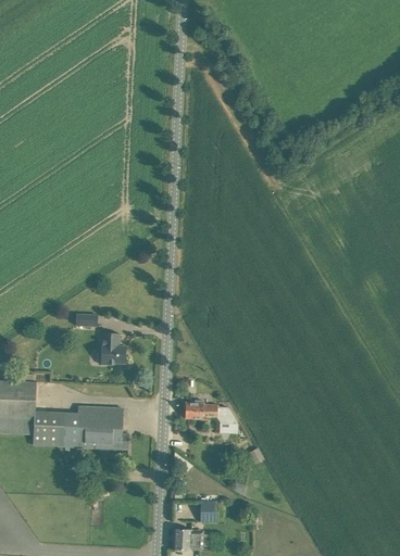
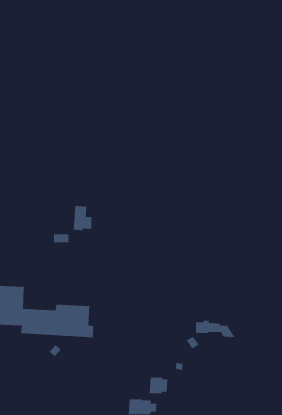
building: [99,331,124,364] -> [73,206,92,231]
building: [184,400,236,422] -> [195,320,236,338]

